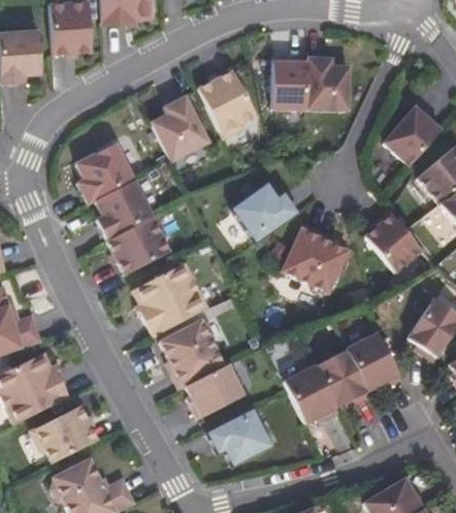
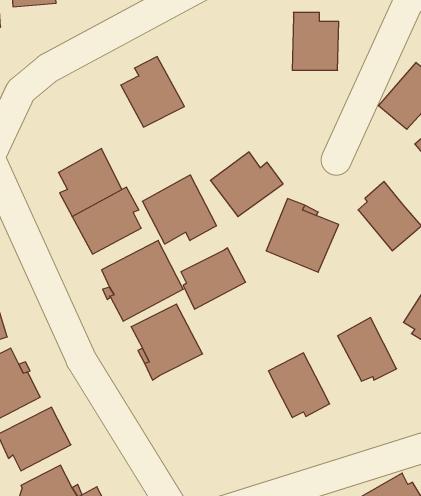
building: [272,56,307,108] -> none
building: [197,69,256,136] -> none
building: [74,143,133,204] -> none
building: none -> [142,175,216,244]
building: [317,350,371,408] -> none
building: [186,364,245,420] -> [181,248,246,309]
building: [208,409,273,467] -> none

